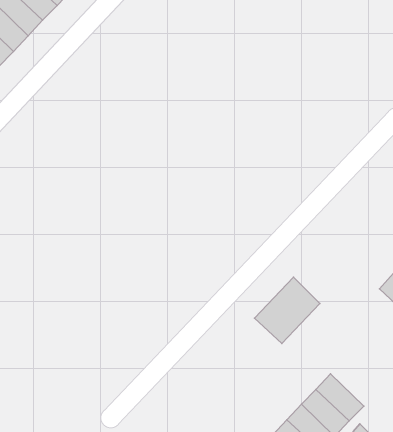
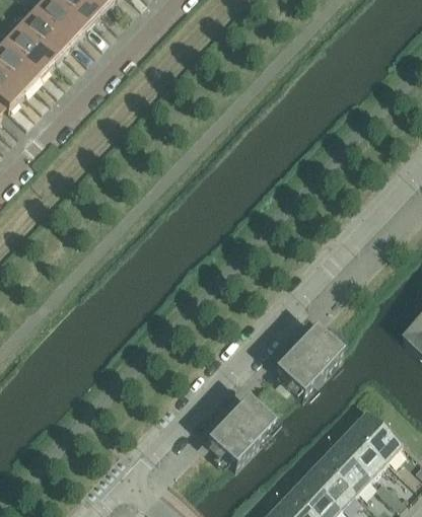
building: none -> [206,395,275,465]
building: none -> [353,409,404,458]

